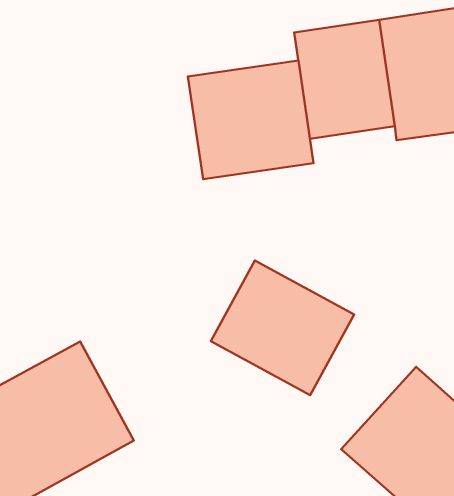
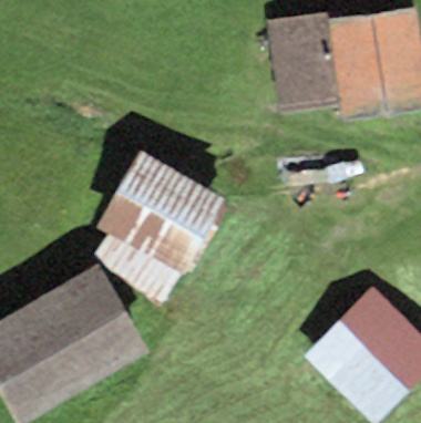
building: [188,61,313,179] -> none
building: [211,261,354,395] -> [107,165,219,270]

